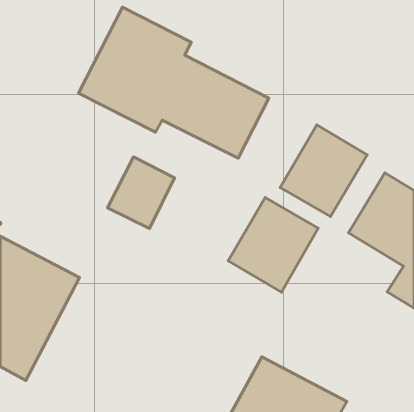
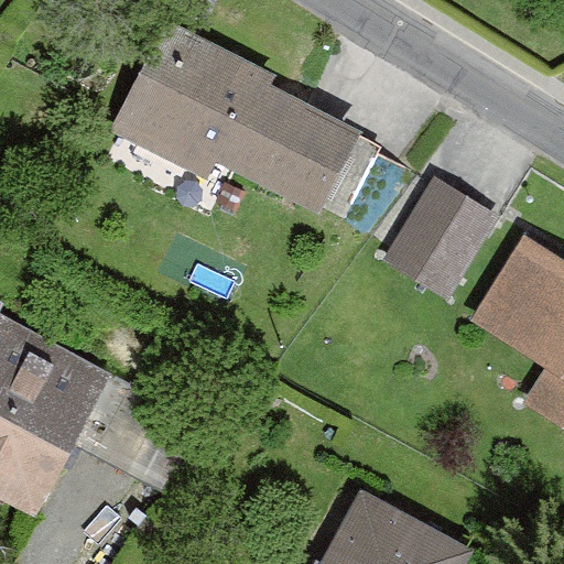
building: [108,157,175,228] -> none
building: [228,198,318,292] -> none

